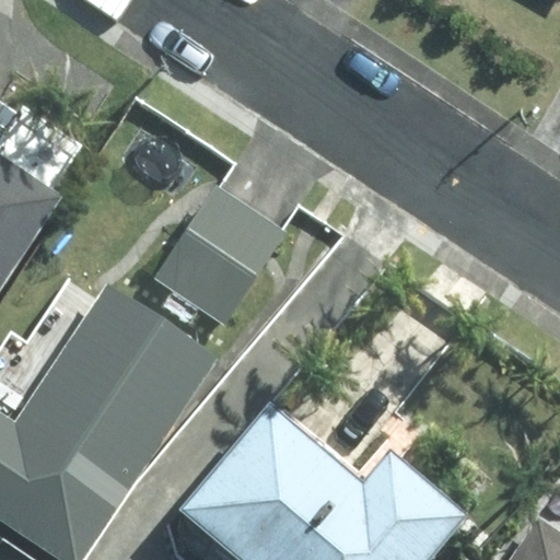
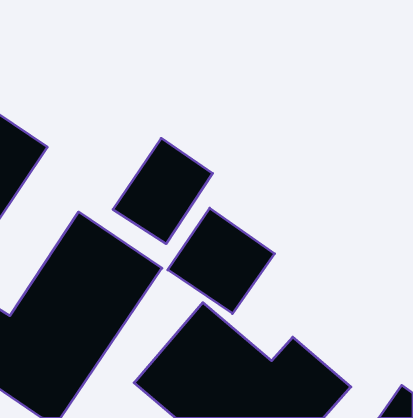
building: none -> [168,208,275,314]

